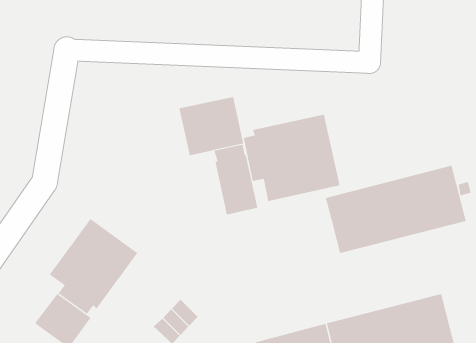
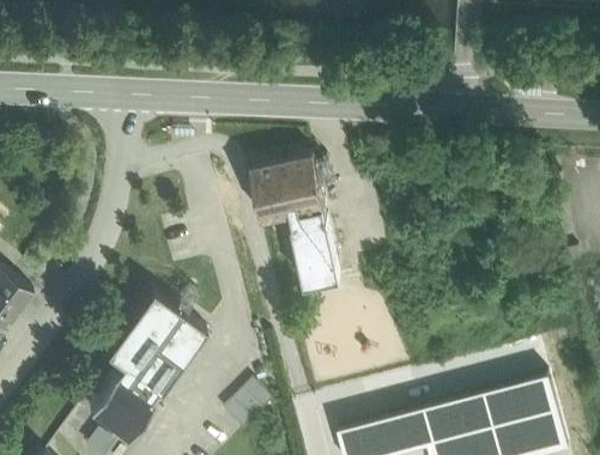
building: [243,114,340,202] -> none
building: [325,165,466,254] -> none

